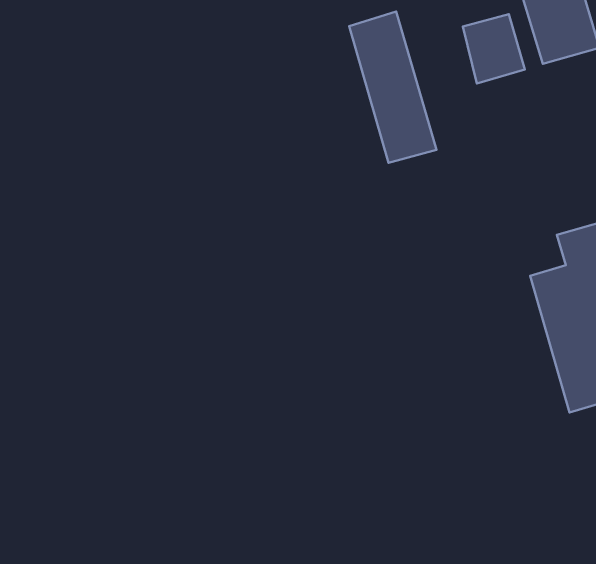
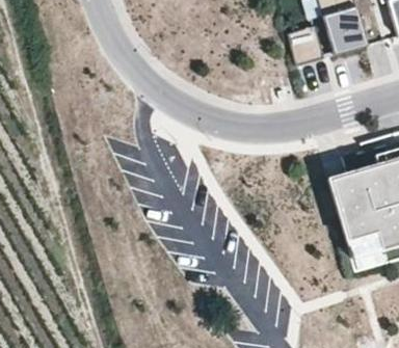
building: [349,11,436,163] -> none

